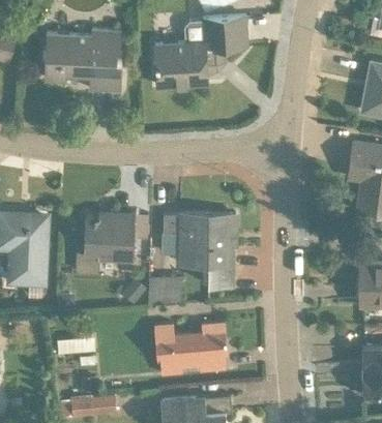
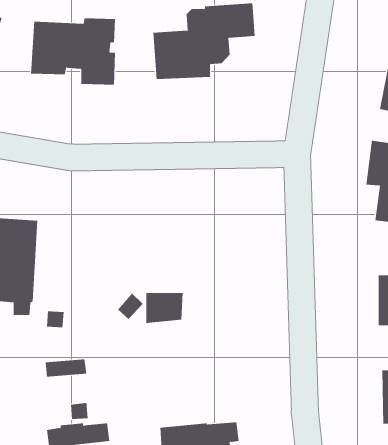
building: [76,211,148,274] -> none
building: [161,214,236,285] -> none
building: [154,322,227,375] -> none

